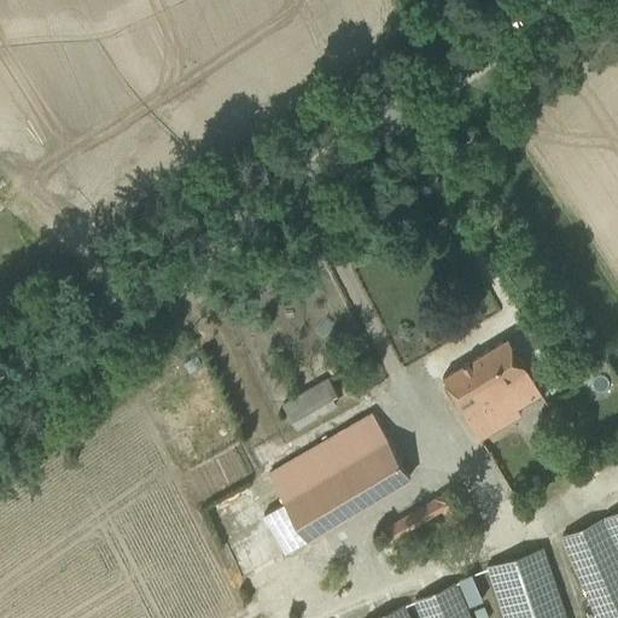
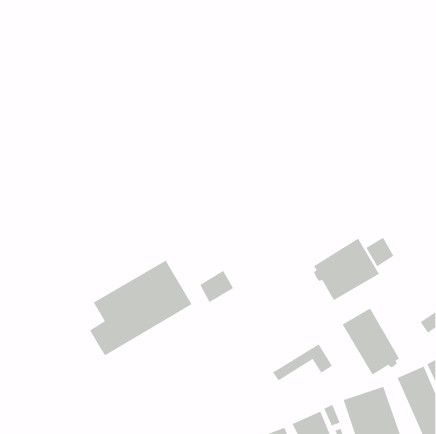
building: none -> [365,237,394,267]
building: [263,416,409,553] -> [89,260,193,356]
building: none -> [342,307,400,375]

